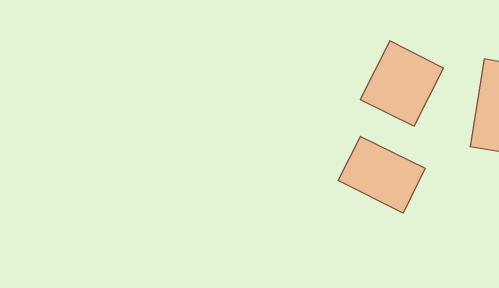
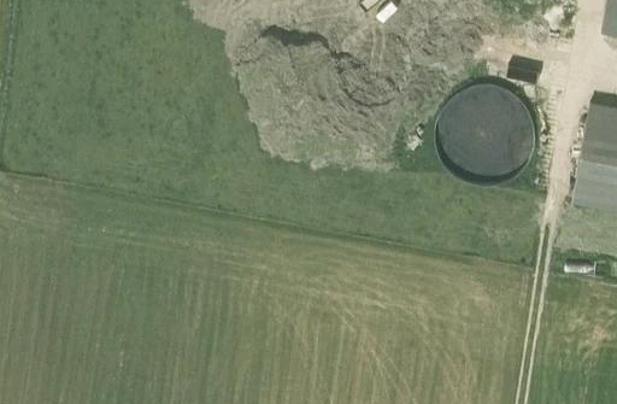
building: [338,136,425,213] -> none

